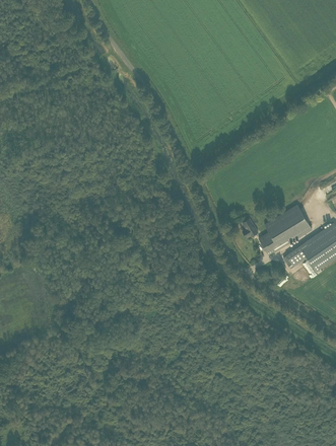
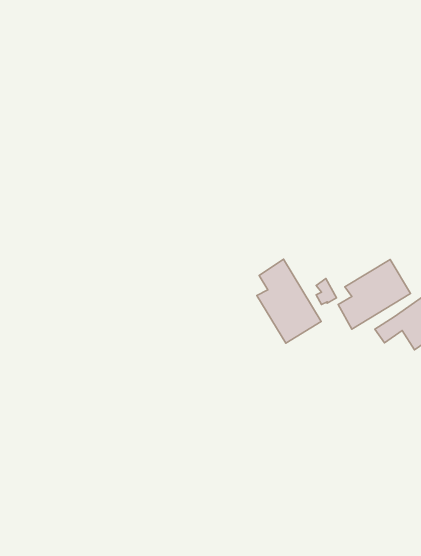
building: none -> [257,259,321,343]

